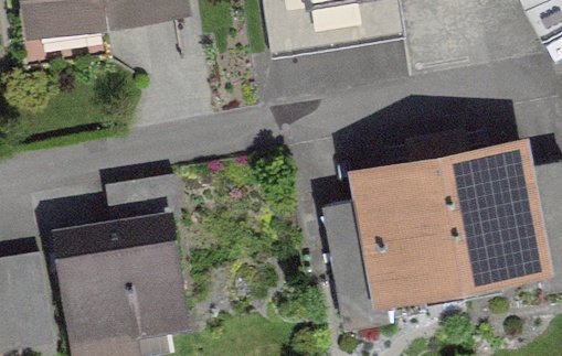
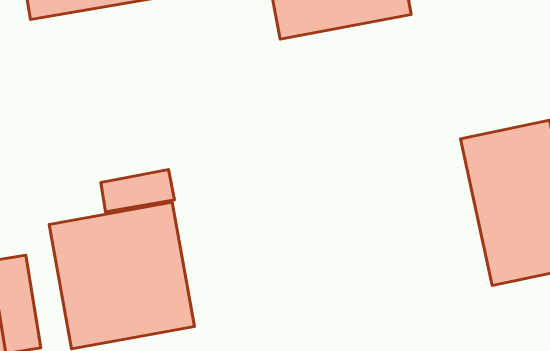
building: [348,153,467,310] -> none

